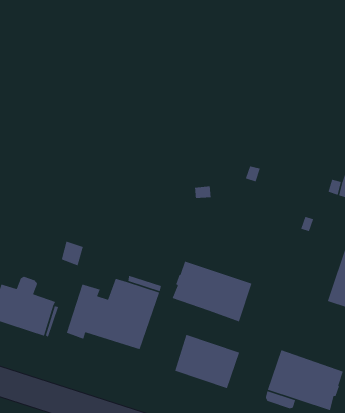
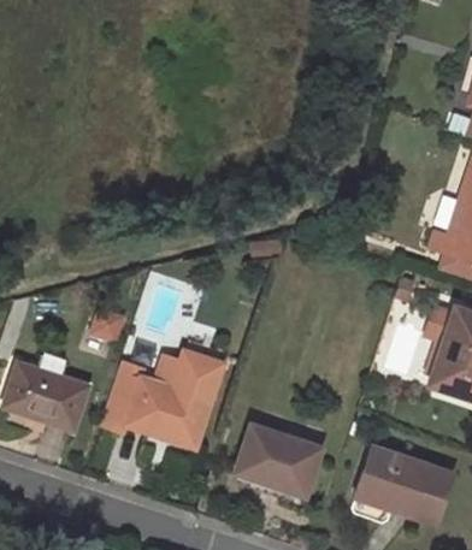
building: [171,261,253,322] -> none

